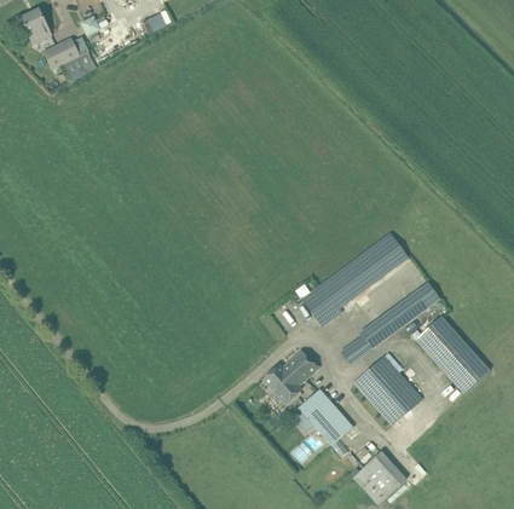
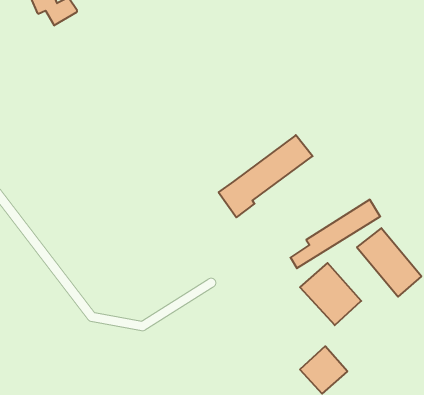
building: [301,232,409,326] -> [219,135,313,217]
building: [264,351,316,401] -> none
building: [295,388,353,445] -> none

